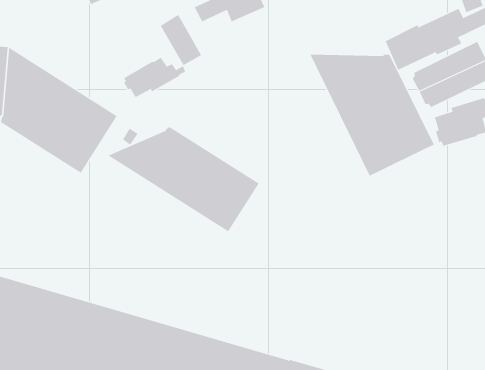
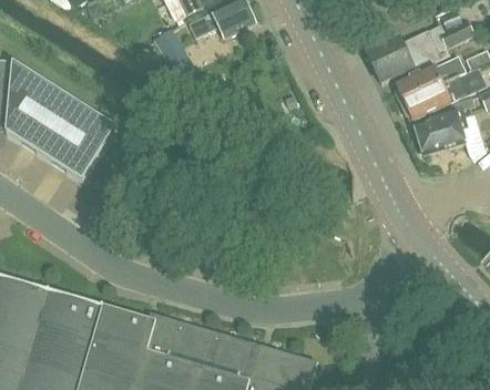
building: [309,54,435,177] -> none
building: [123,57,186,98] -> none
building: [107,126,259,232] -> none

